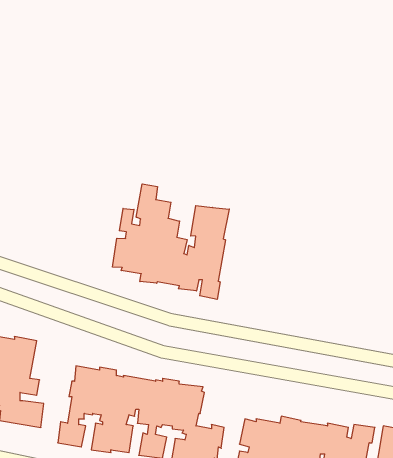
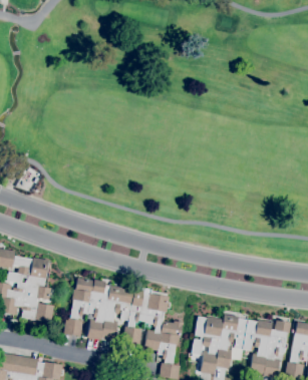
building: [113,184,229,299] -> none

